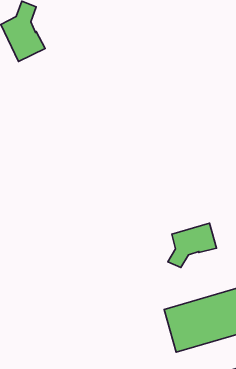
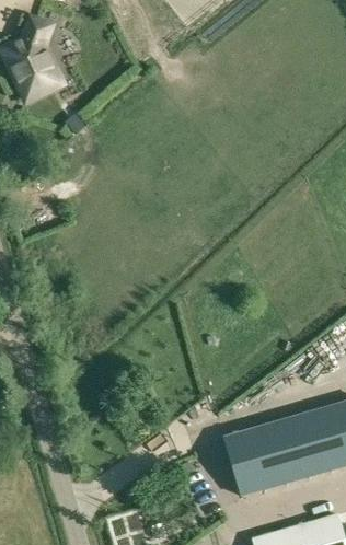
building: [168,223,217,268] -> none

